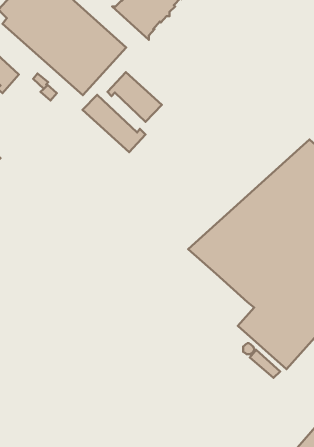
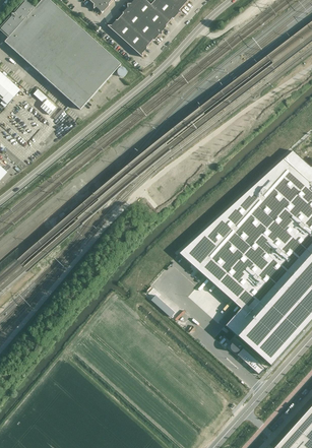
building: [107,72,162,122] -> none
building: [82,95,146,152] -> none

